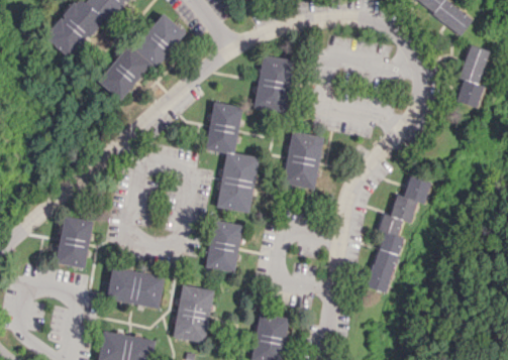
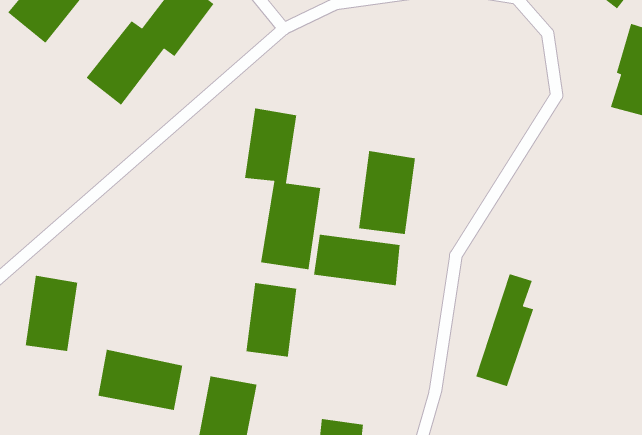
building: [256,55,293,112] -> none
building: [390,175,431,223] -> none
building: none -> [313,234,401,286]

